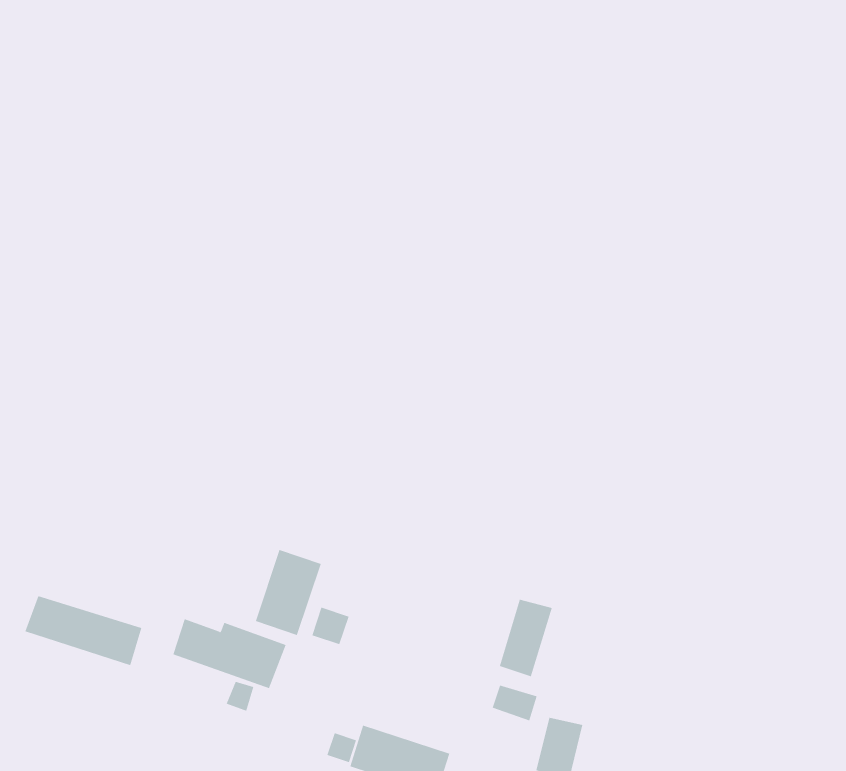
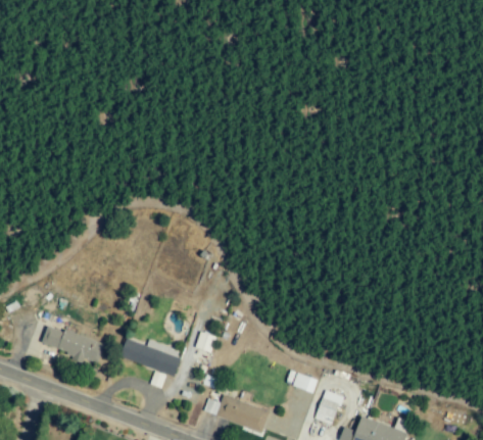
building: [255,549,321,636] -> none
building: [499,599,553,677] -> none

